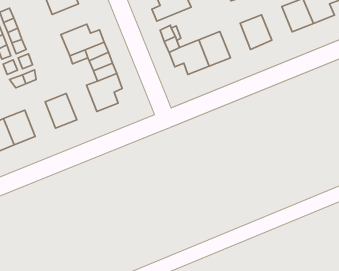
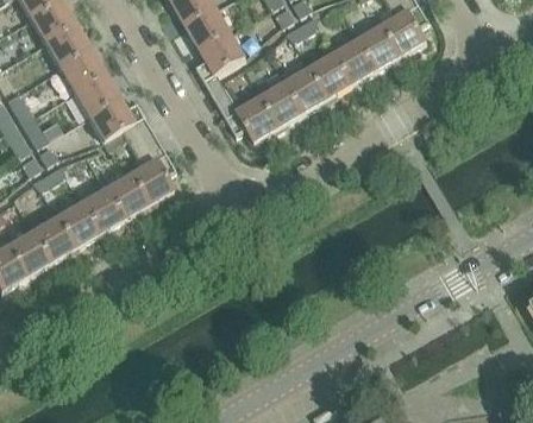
building: none -> [73,74,118,115]
building: none -> [334,39,376,83]
building: none -> [286,68,327,113]
building: none -> [105,173,146,219]
building: none -> [56,202,98,247]

